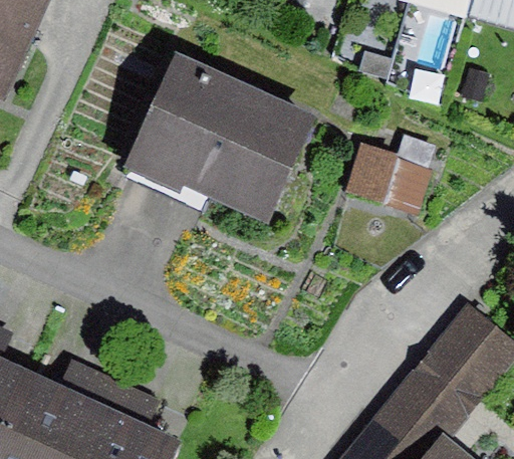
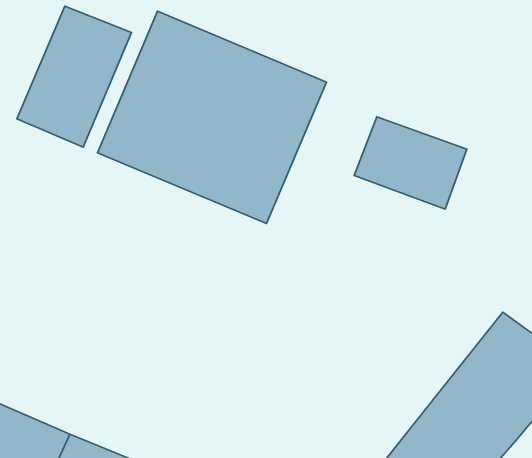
building: none -> [17,6,131,147]

